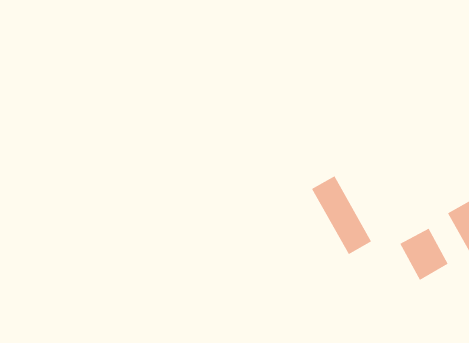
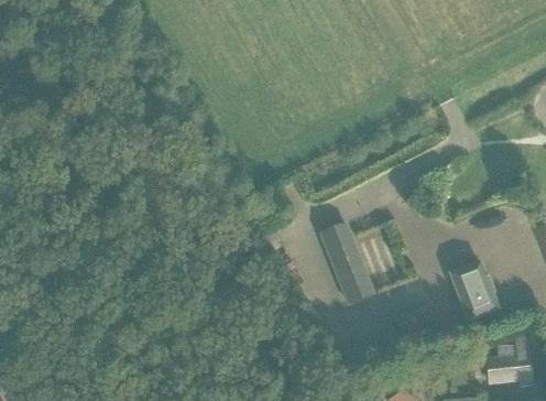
building: [400,228,448,281] -> none

